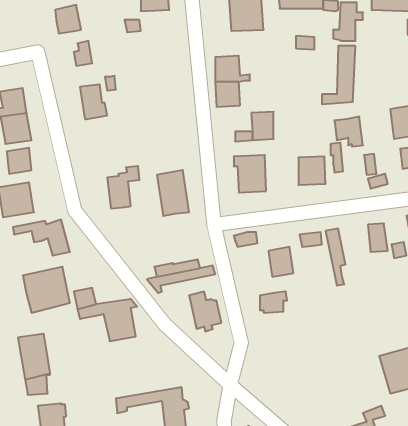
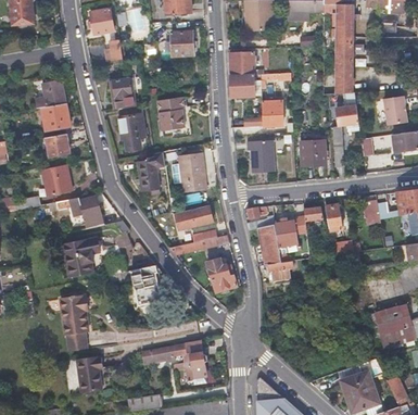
building: none -> [165,30,192,54]
building: none -> [156,96,183,128]
building: none -> [117,104,143,149]
building: none -> [177,204,214,227]
building: none -> [258,224,282,263]

